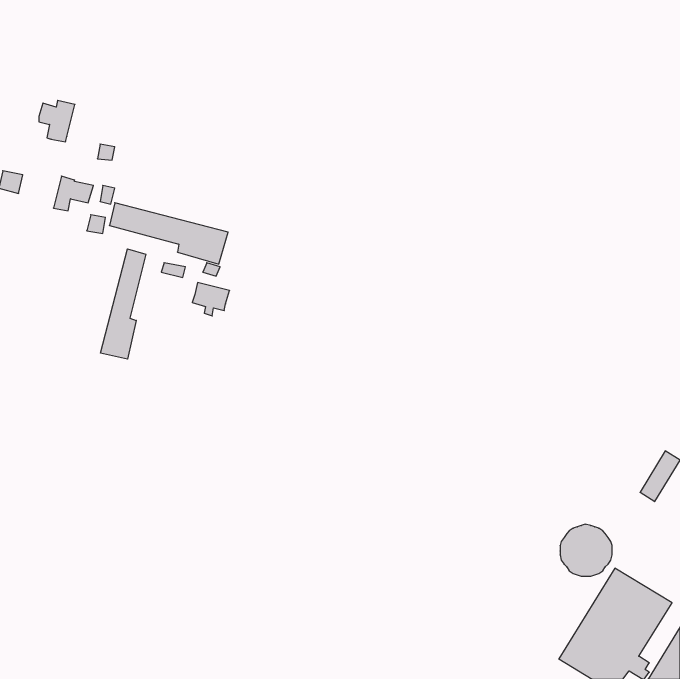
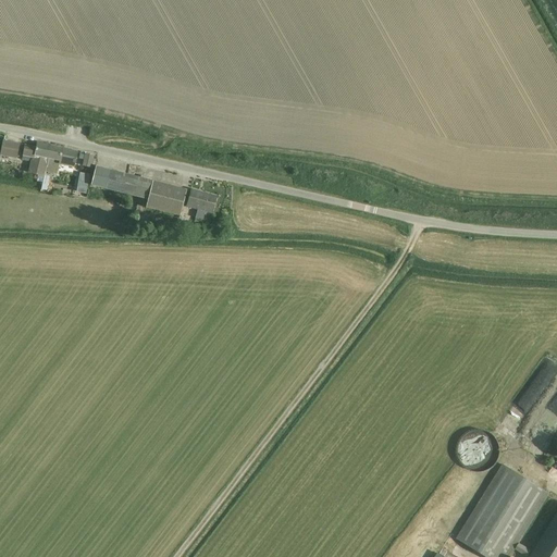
building: [39,100,75,142] -> [21,140,50,174]
building: [101,249,146,359] -> none
building: [192,283,230,316] -> [185,188,215,215]

